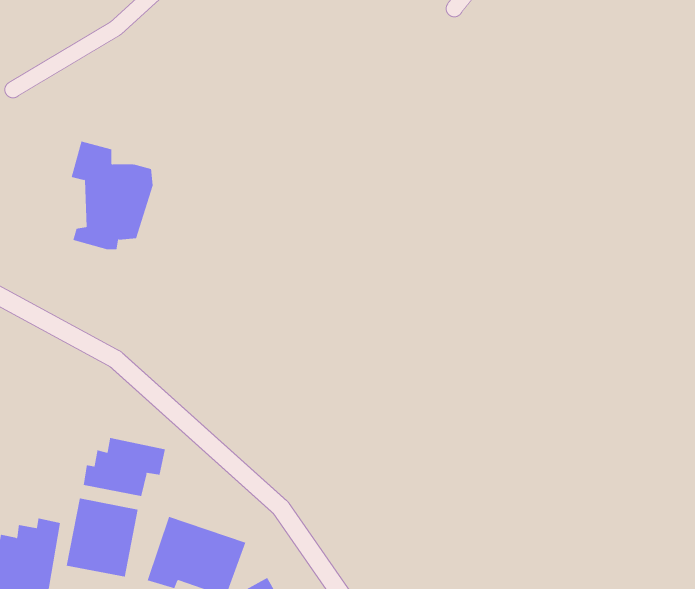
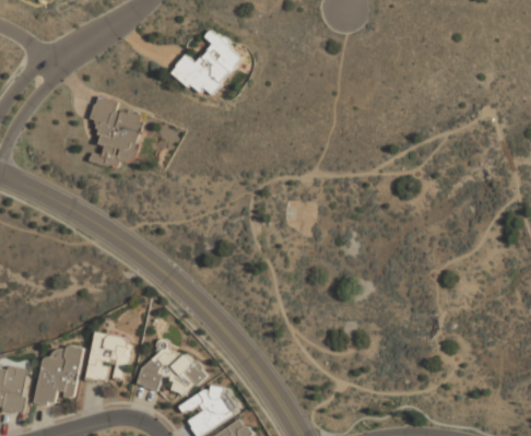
building: none -> [172,36,241,98]
building: [83,437,165,497] -> none

